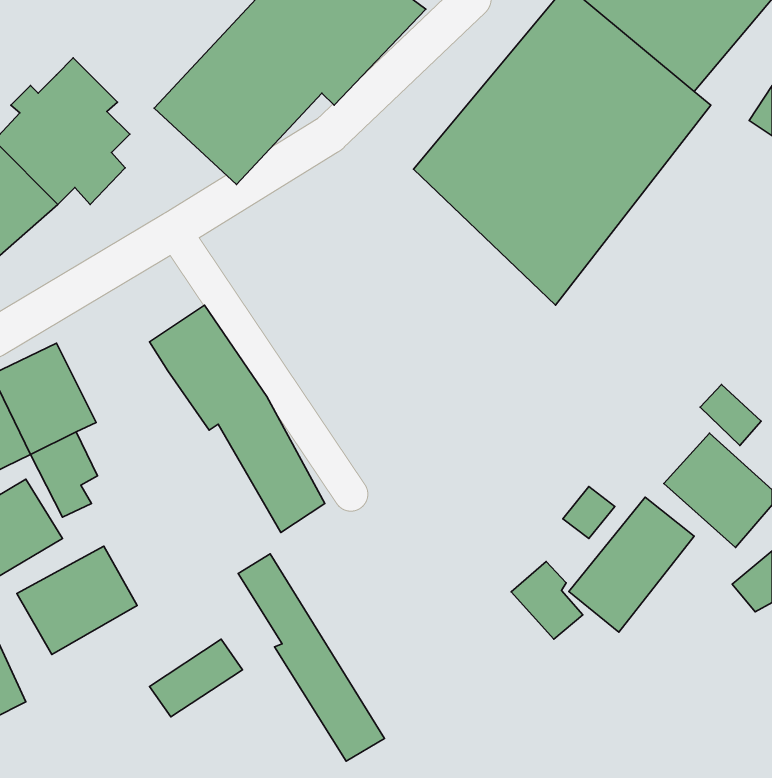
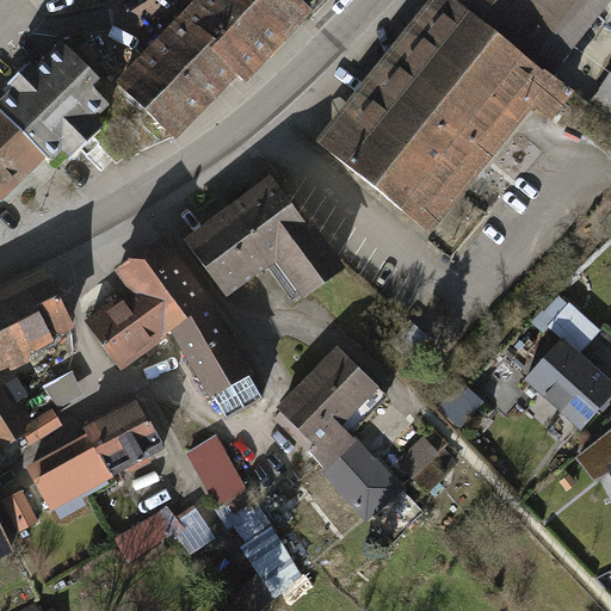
building: none -> [180,175,327,292]
building: none -> [86,290,163,366]
building: none -> [284,344,396,519]
building: [569,497,694,632] -> none
building: none -> [81,397,160,474]

